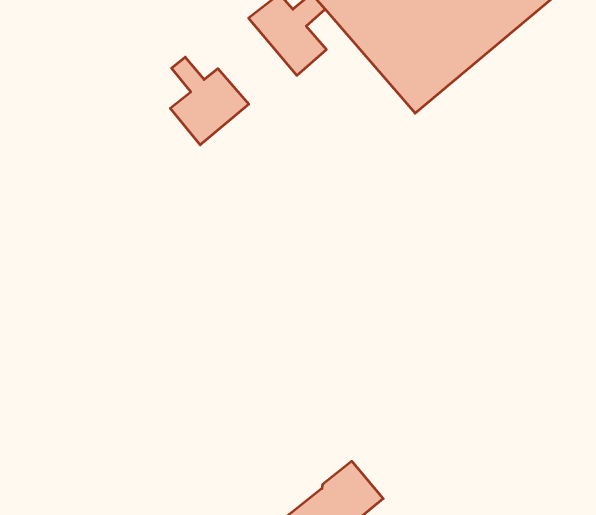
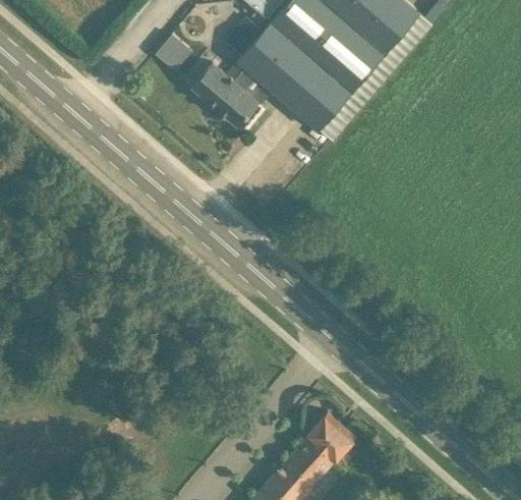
building: [170,57,249,145] -> none

